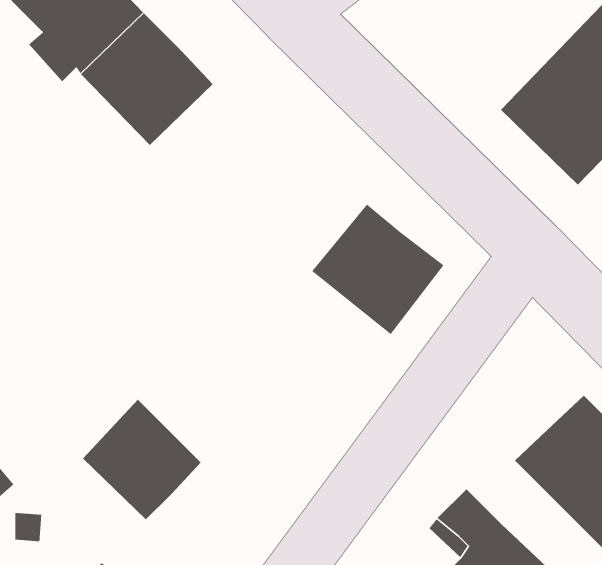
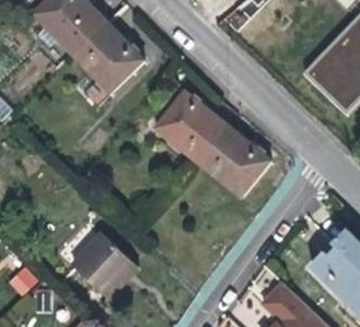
building: none -> [154,90,229,162]

